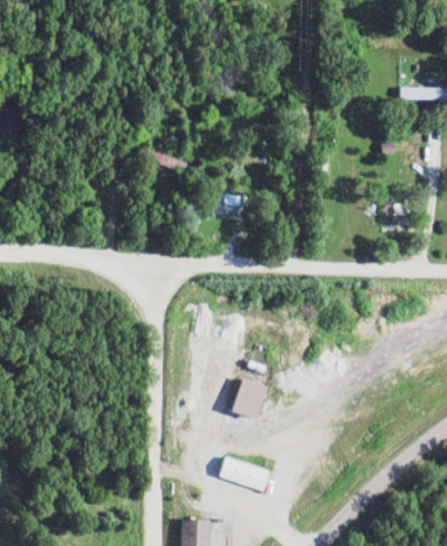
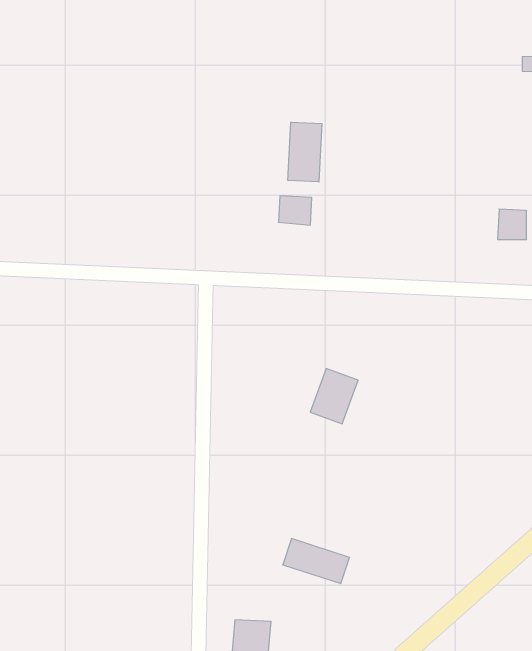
building: none -> [288,122,322,182]
building: [231,378,268,420] -> [310,369,358,424]

